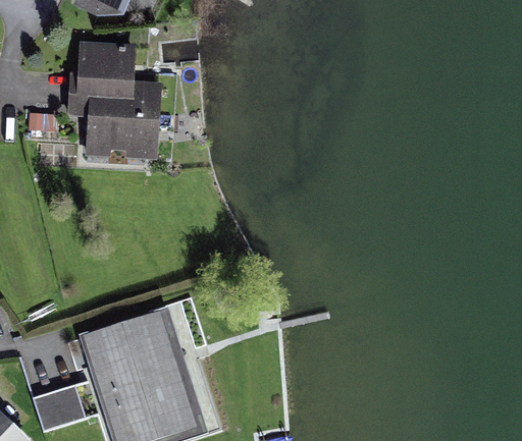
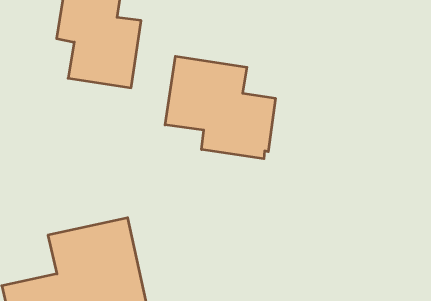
building: none -> [165,56,275,159]

